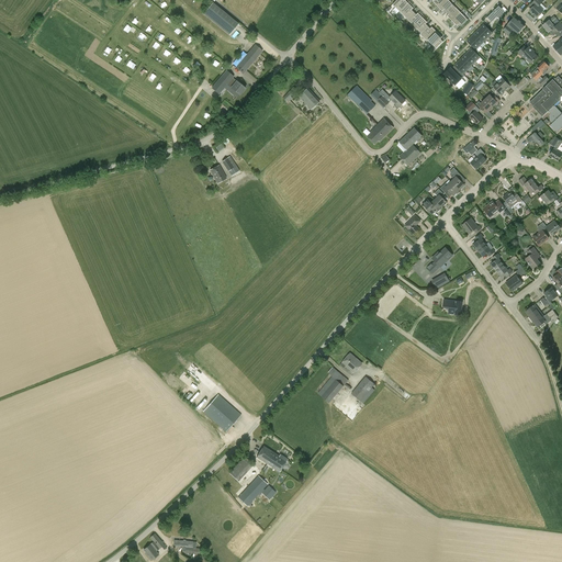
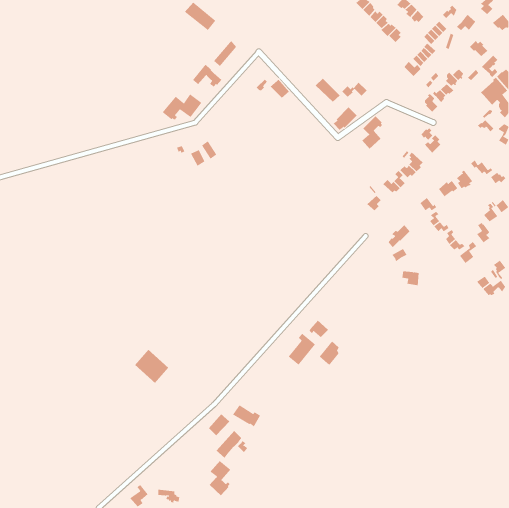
building: none -> [162,94,202,120]
building: [203,393,241,431] -> [134,349,169,384]
building: none -> [209,460,231,496]

